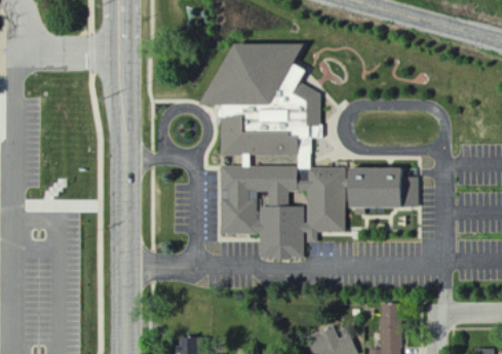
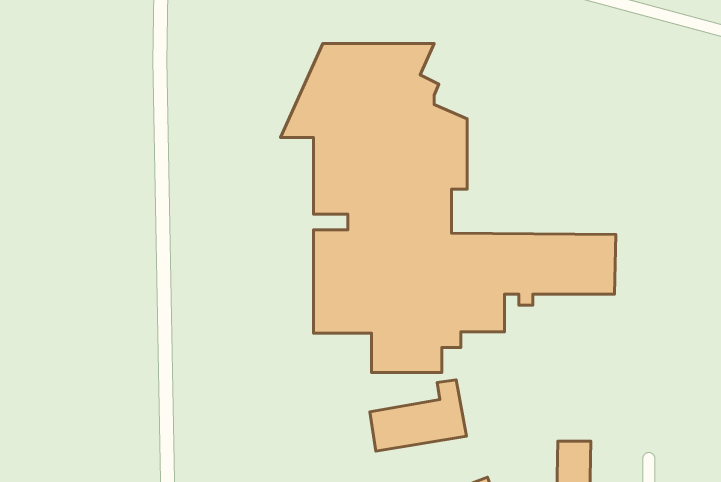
building: none -> [370,380,467,451]

